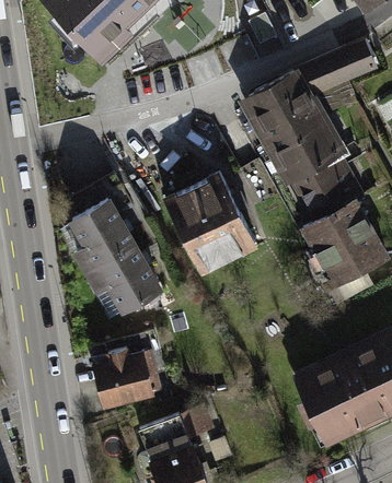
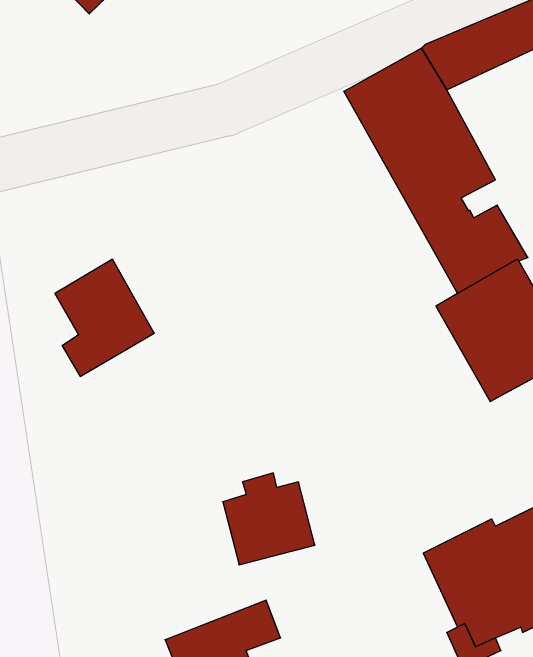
building: [165,175,256,272] -> none
building: [88,246,159,311] -> none
building: [95,350,151,405] -> [223,473,315,565]

